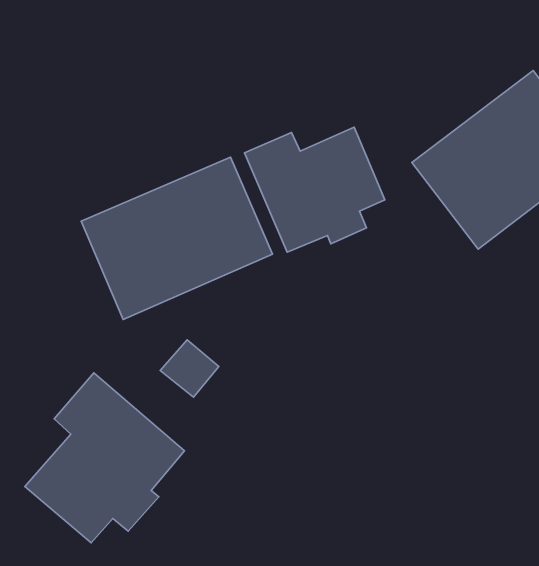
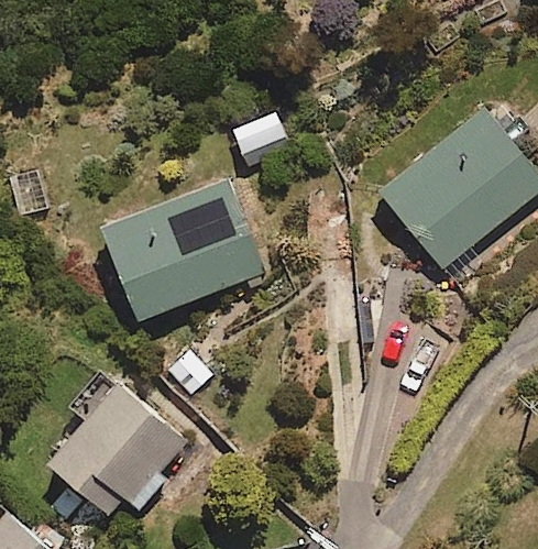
building: [244,127,385,252] -> none

